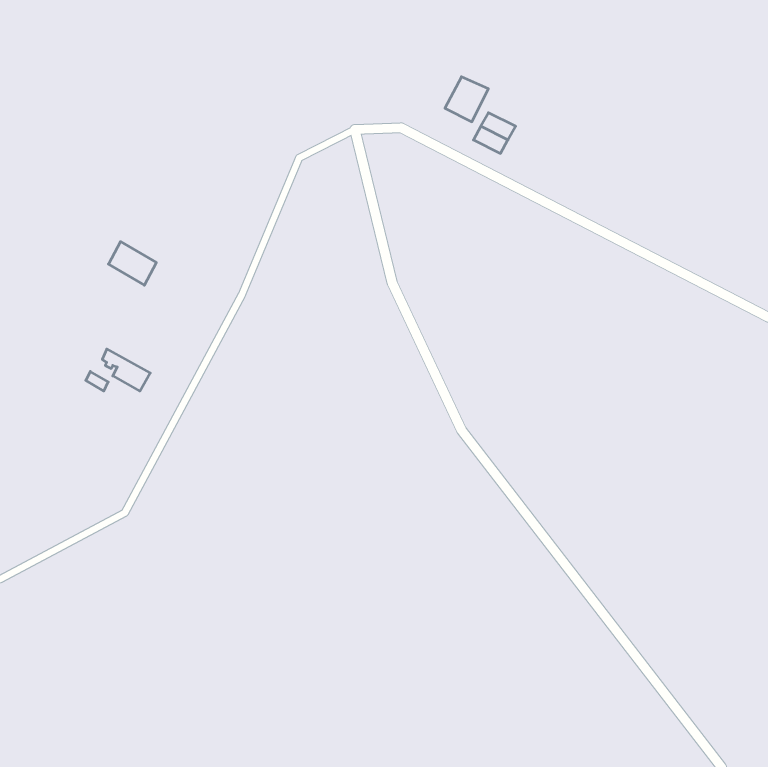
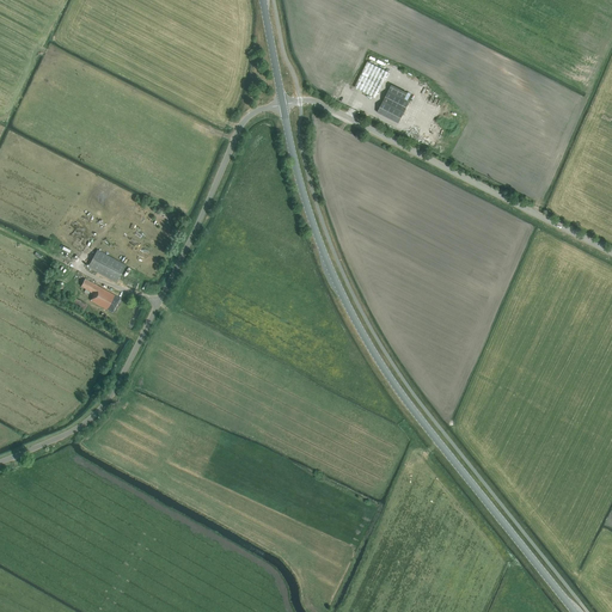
building: [108,242,156,285] -> [87,247,126,282]

